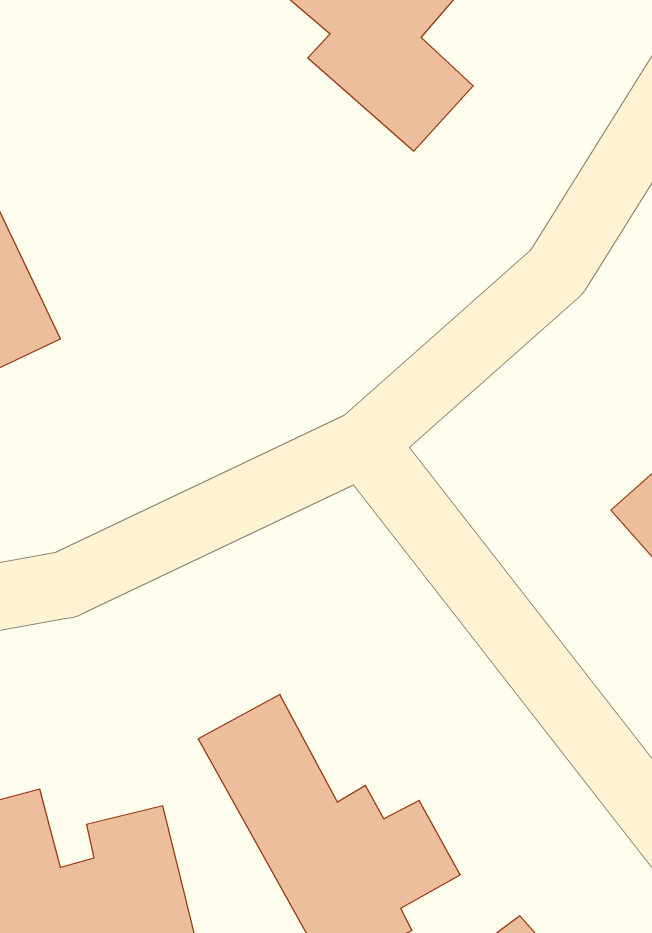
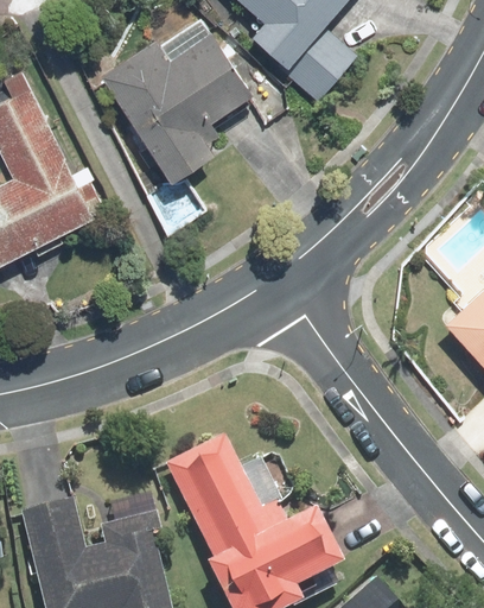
building: none -> [107,26,241,183]

